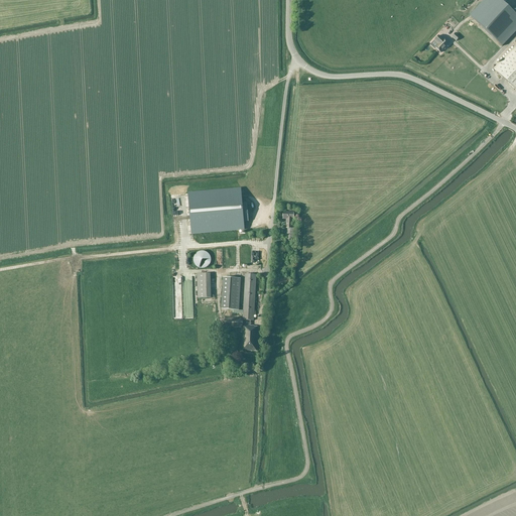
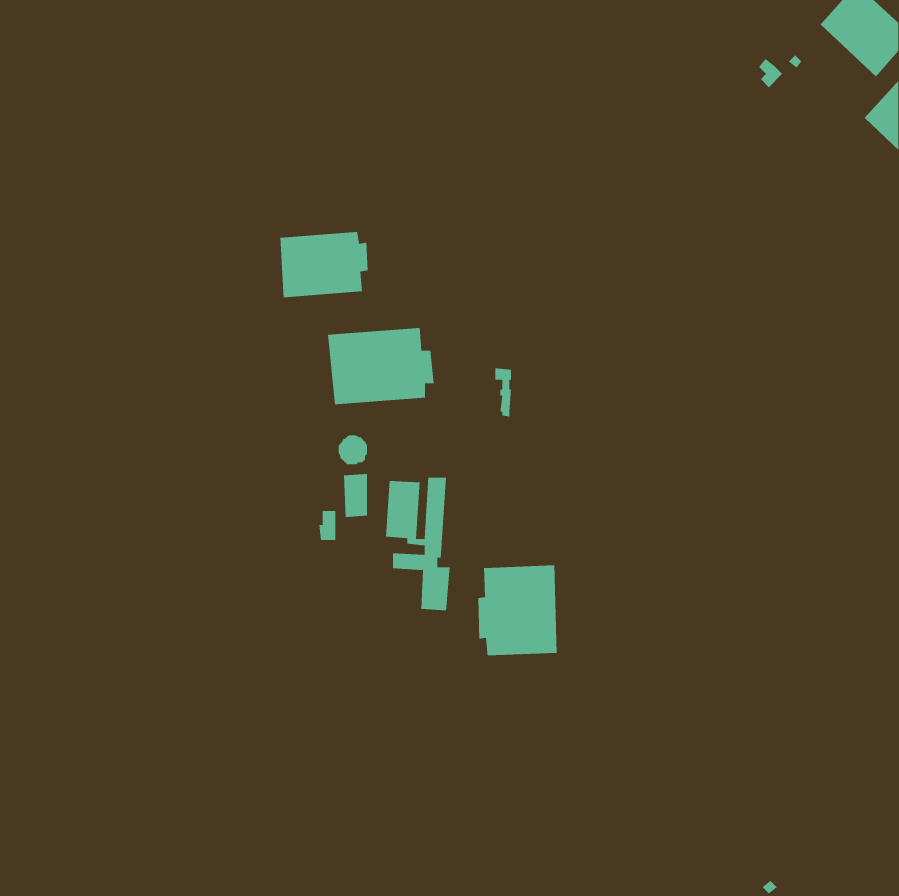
building: none -> [280,231,368,298]
building: none -> [478,565,557,656]

